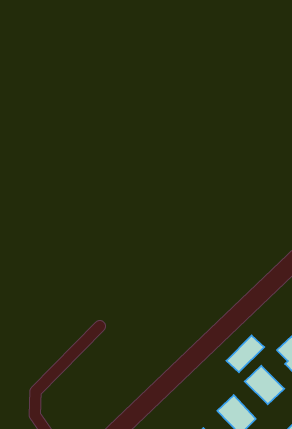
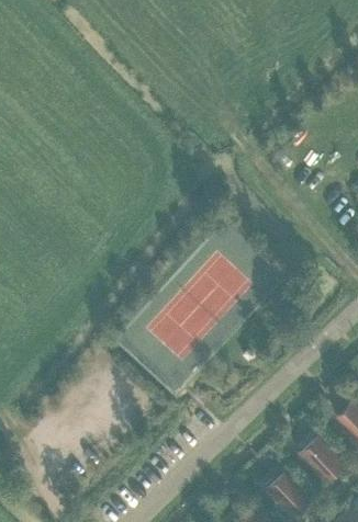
building: [226,335,264,372] -> none

